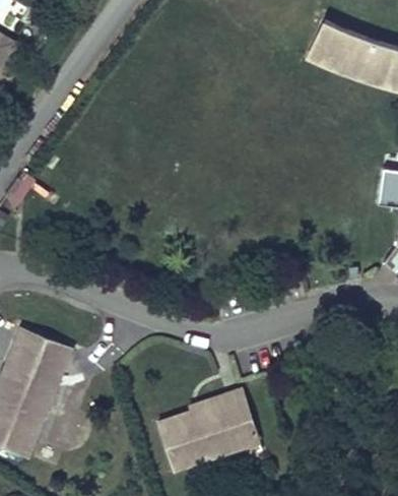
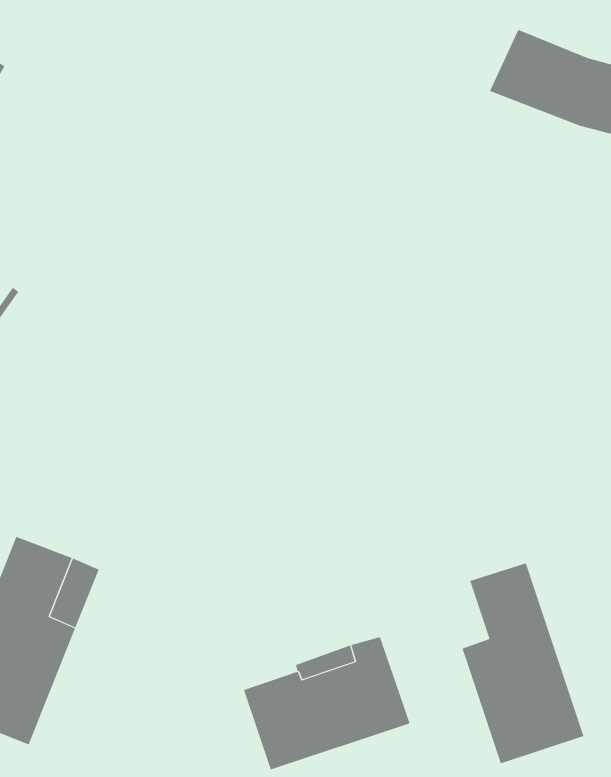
building: none -> [462,562,584,764]

